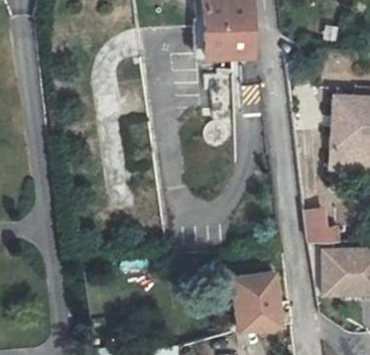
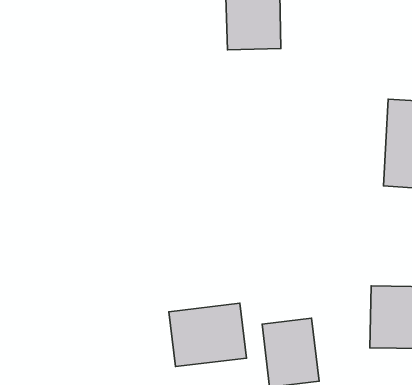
building: [307,207,341,241] -> none
building: none -> [169,303,247,367]

